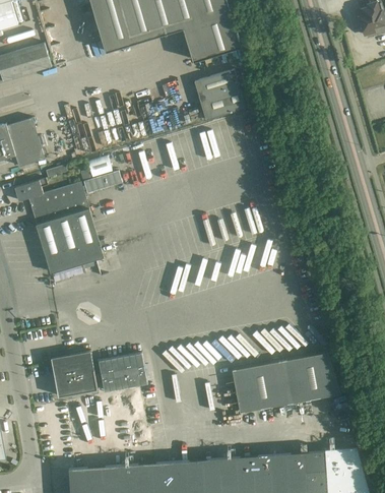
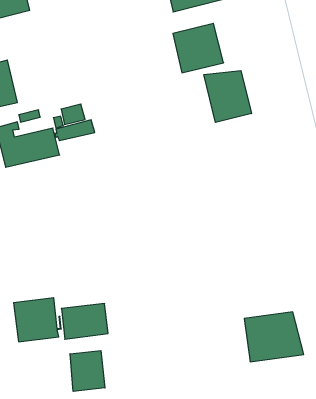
building: none -> [204,71,251,122]
building: [36,207,105,272] -> none
building: [233,360,288,412] -> none
building: none -> [70,351,105,391]

